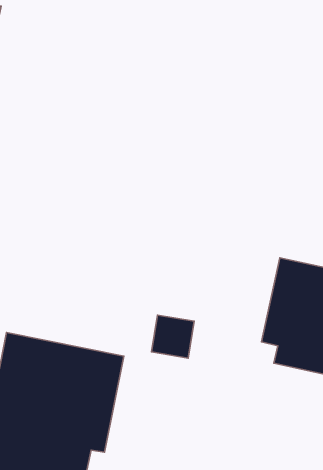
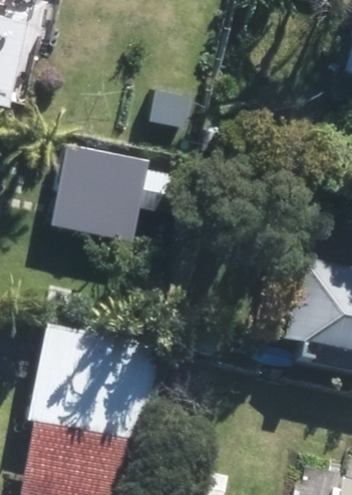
building: none -> [46,134,149,236]

